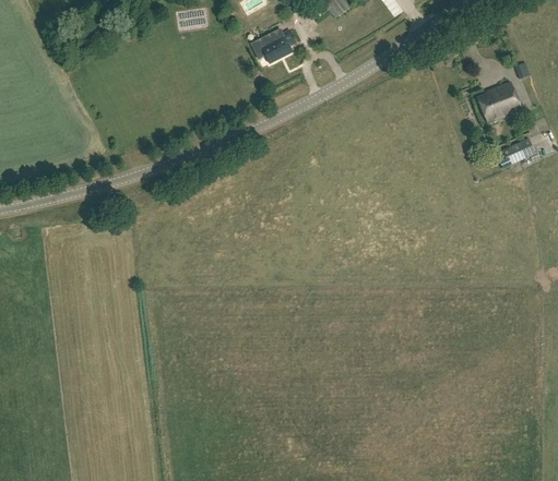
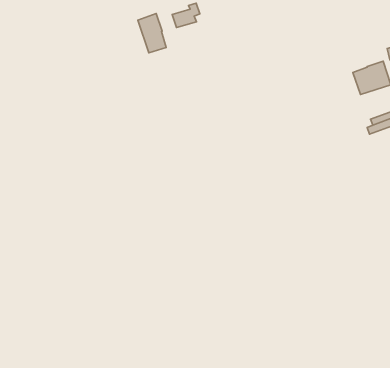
building: none -> [138,14,166,53]

